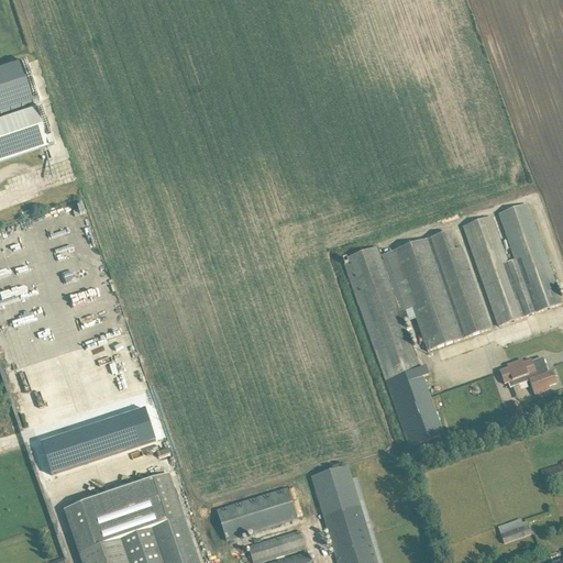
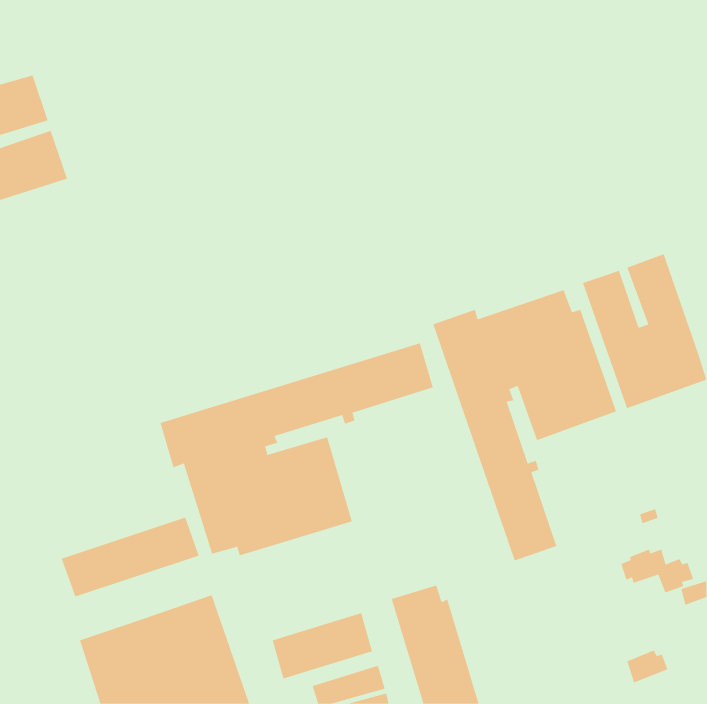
building: none -> [160,343,434,556]
building: [498,357,556,393] -> [620,549,694,593]

